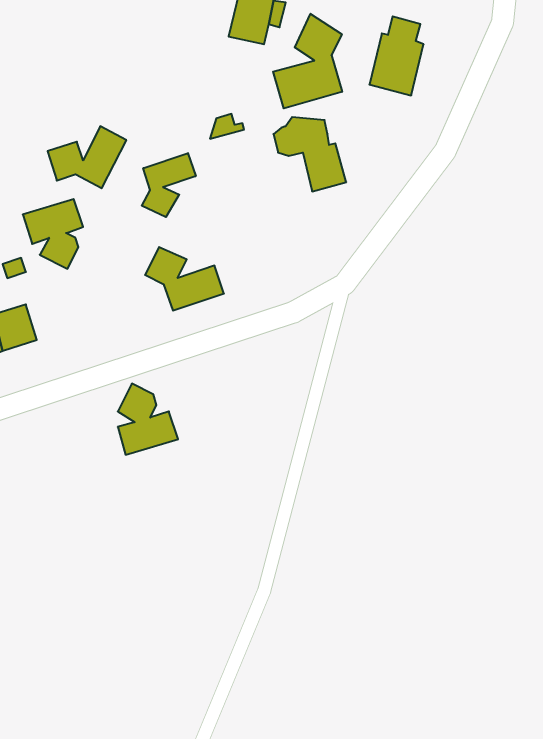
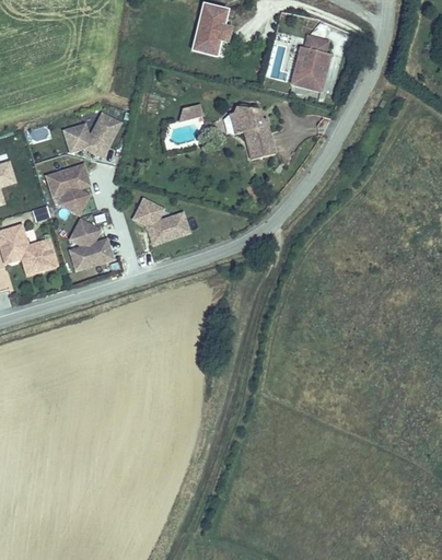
building: [273,14,342,108] -> none
building: [142,153,196,217] -> none
building: [118,384,178,455] -> [70,219,113,269]

